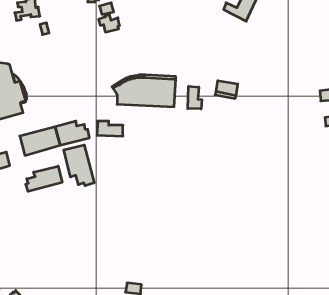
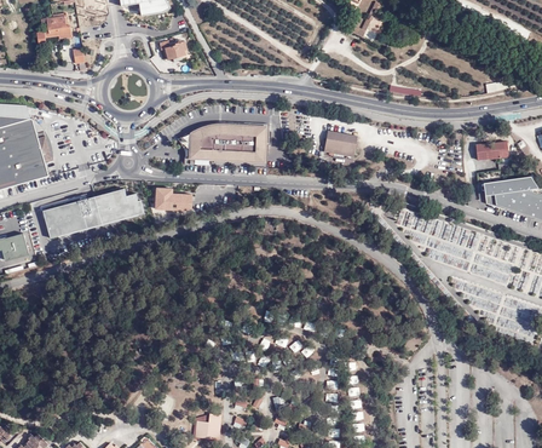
building: [188,86,202,109] -> none
building: [64,145,94,186] -> none
building: [26,166,62,191] -> none

